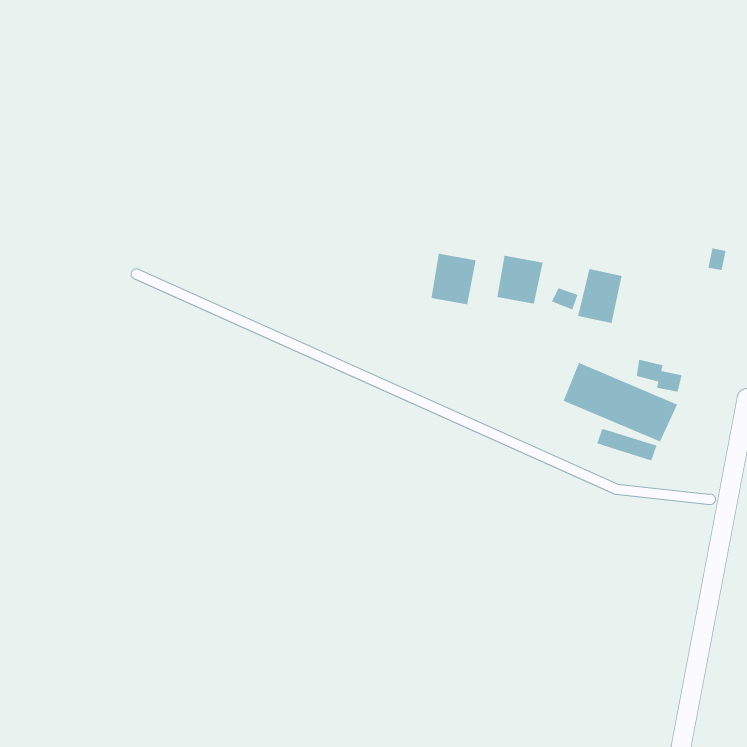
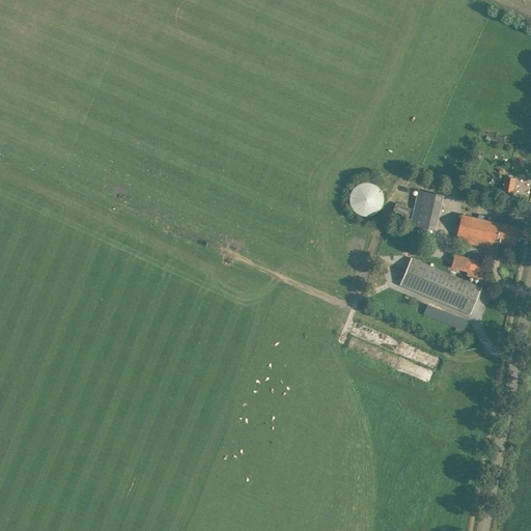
building: [431,253,477,305] -> none
building: none -> [454,214,516,249]

